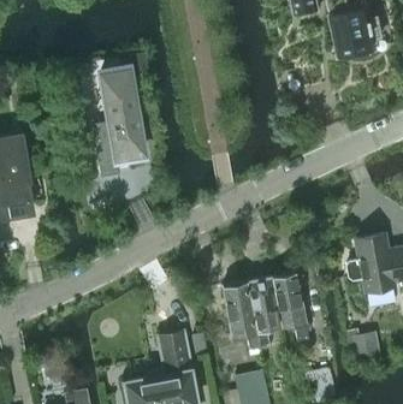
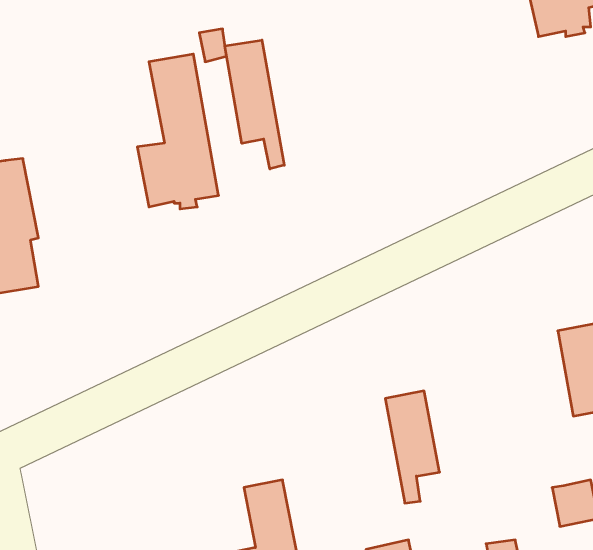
building: none -> [225,40,284,169]
building: [272,272,308,339] -> none
building: [224,281,260,349] -> none

